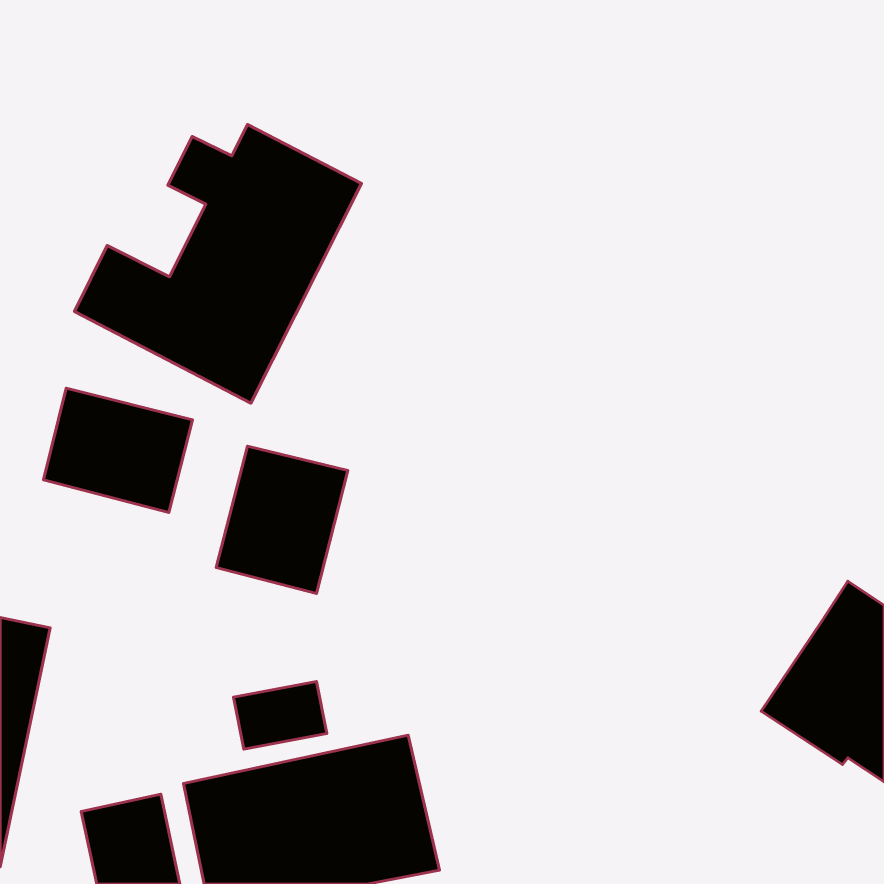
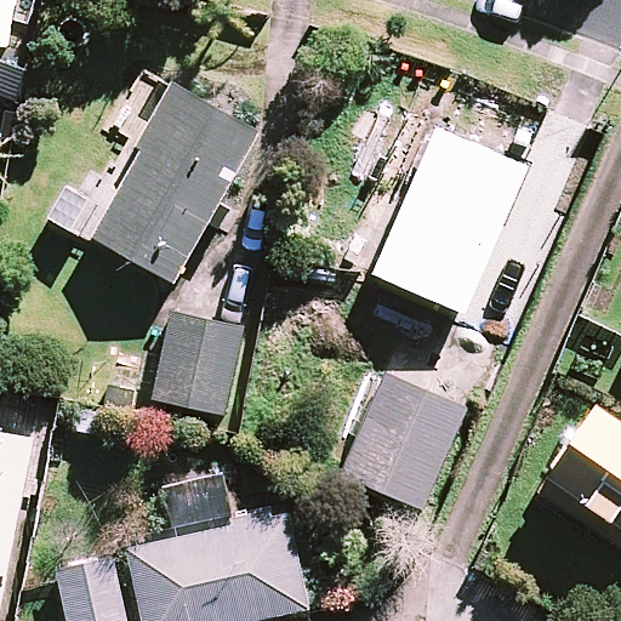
building: none -> [374,120,522,310]
building: [43,388,192,512] -> none
building: none -> [342,374,465,508]

